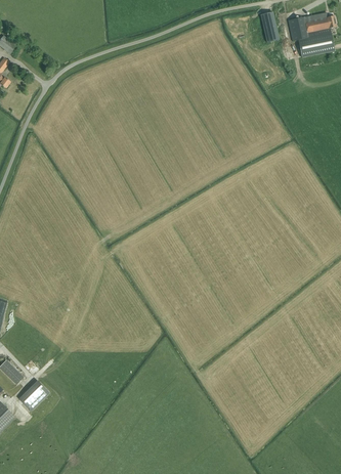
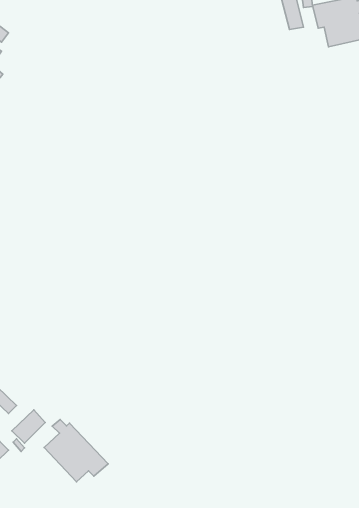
building: none -> [44,420,108,482]

